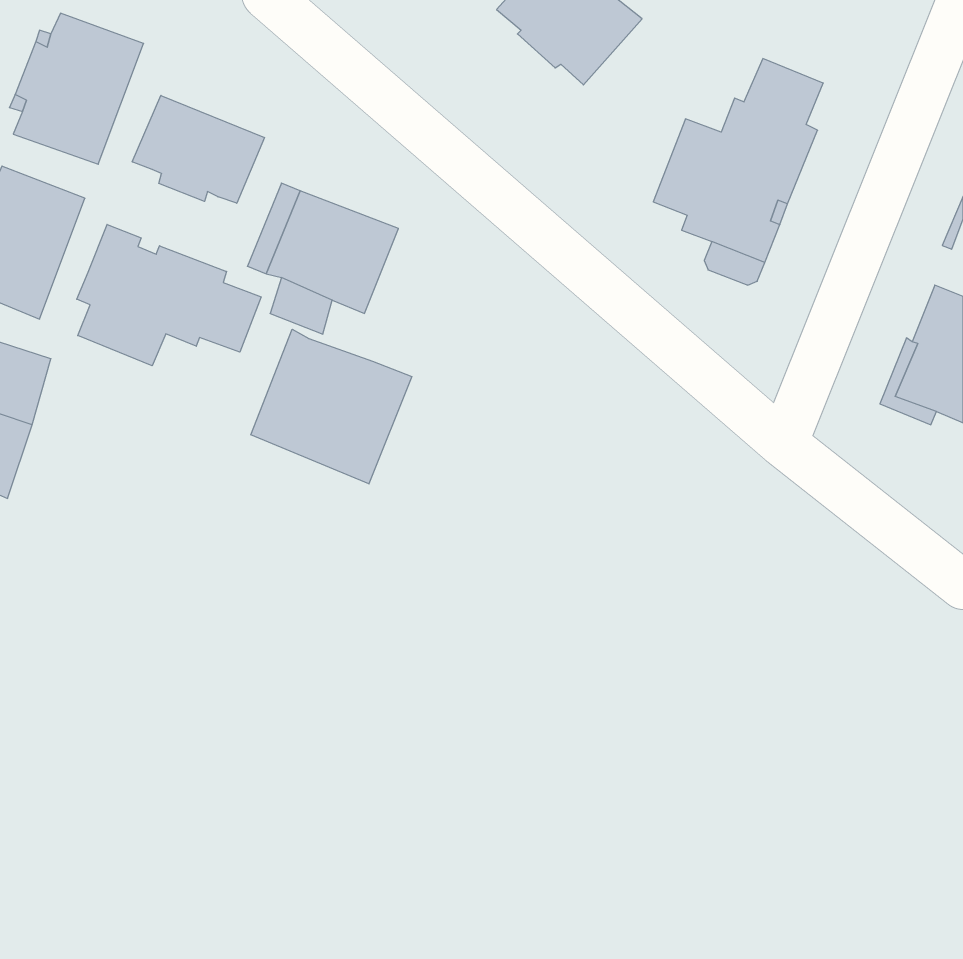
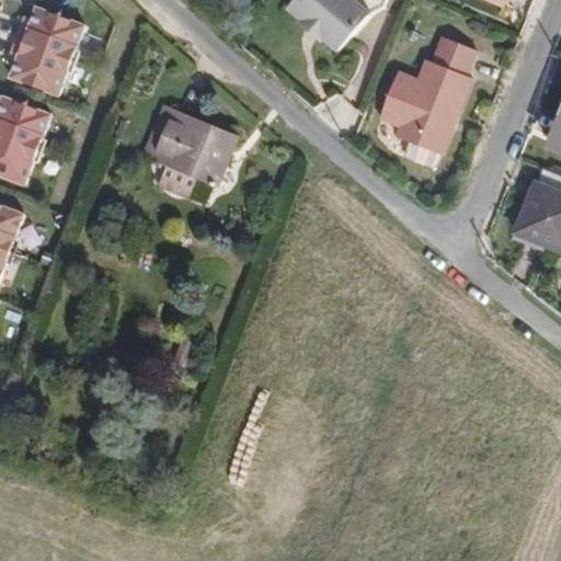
building: [132,95,264,203] -> none
building: [77,224,261,366] -> none
building: [251,329,412,484] -> none

